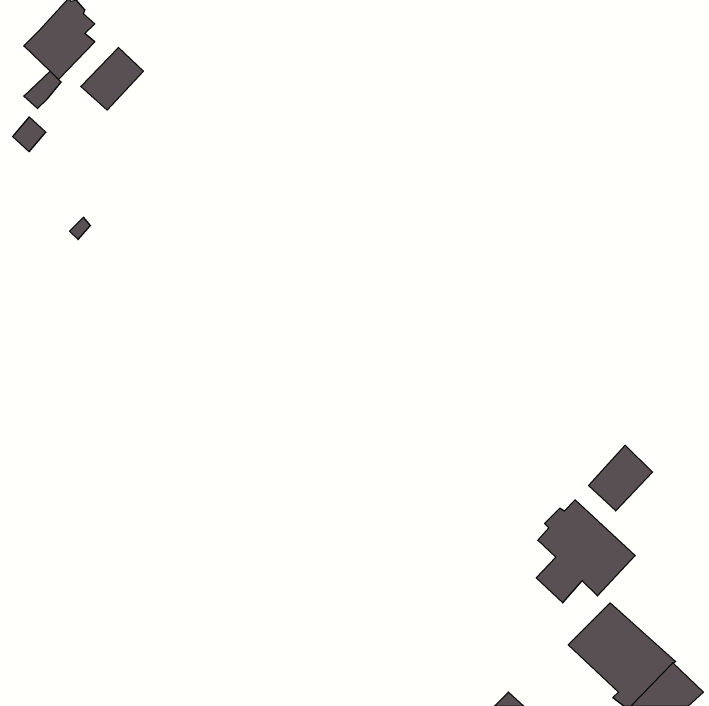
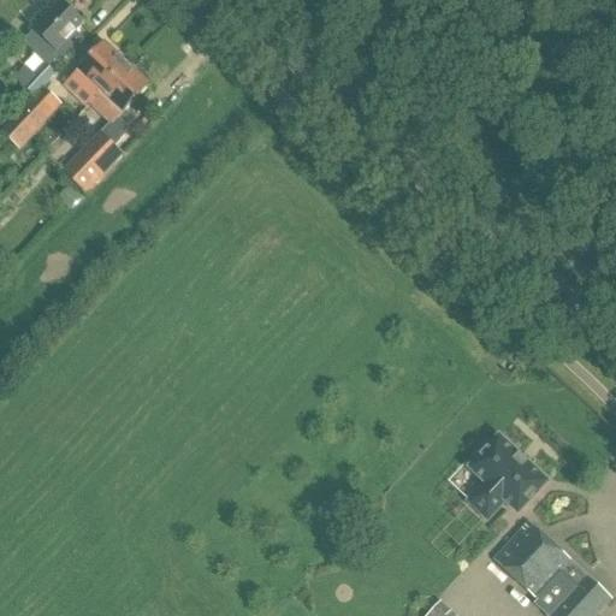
building: none -> [88,61,147,122]
building: none -> [60,129,123,192]
building: [589,445,653,511] -> none

